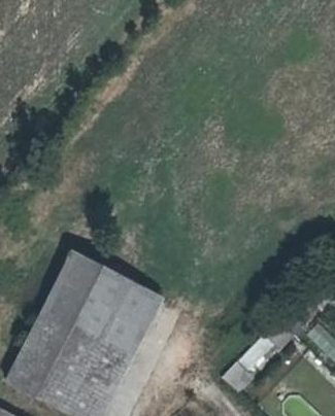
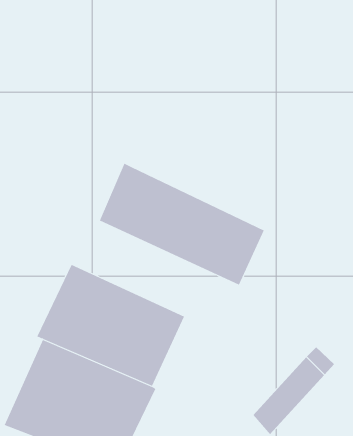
building: none -> [99,163,264,285]

